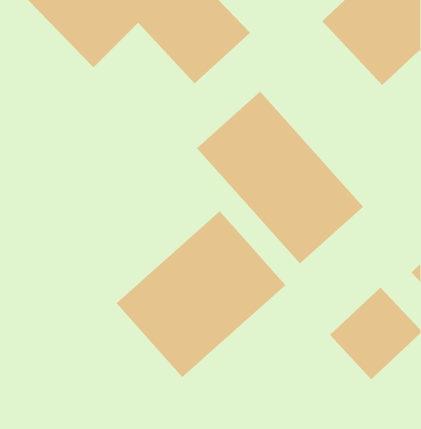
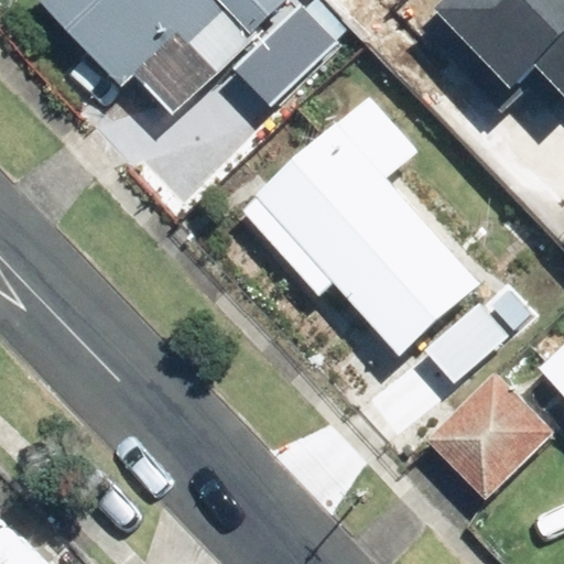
building: [116,211,286,378] -> none

